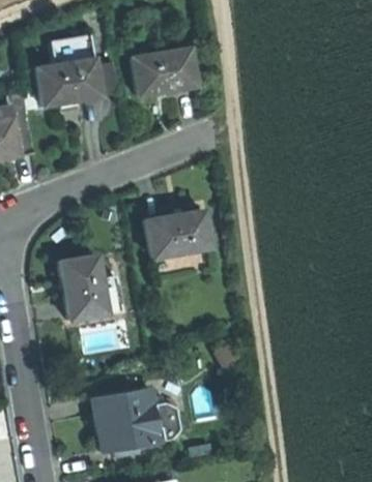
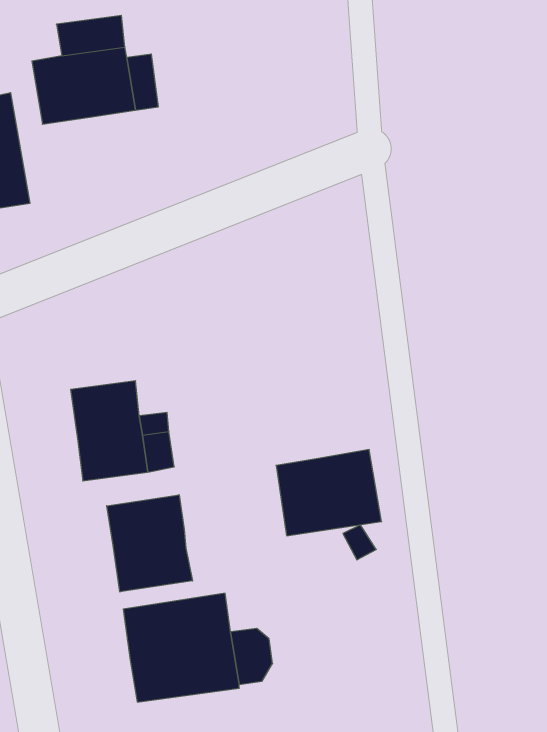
building: [131,51,196,99] -> none
building: [144,206,206,257] -> [276,450,382,536]
building: none -> [107,495,192,592]

